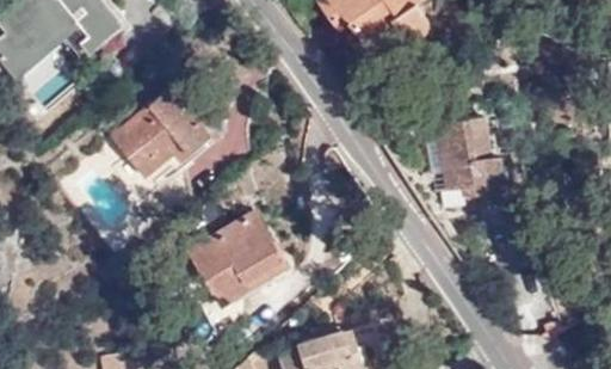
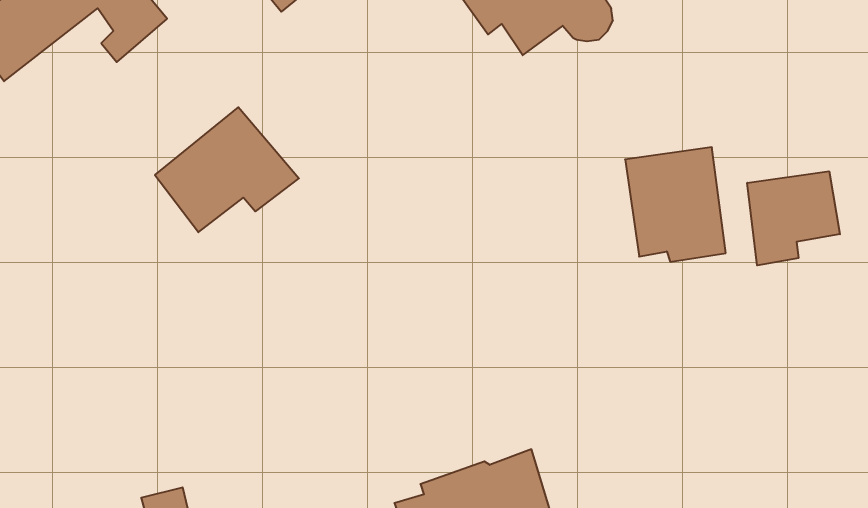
building: none -> [747,171,840,265]
building: [186,211,279,306] -> none

